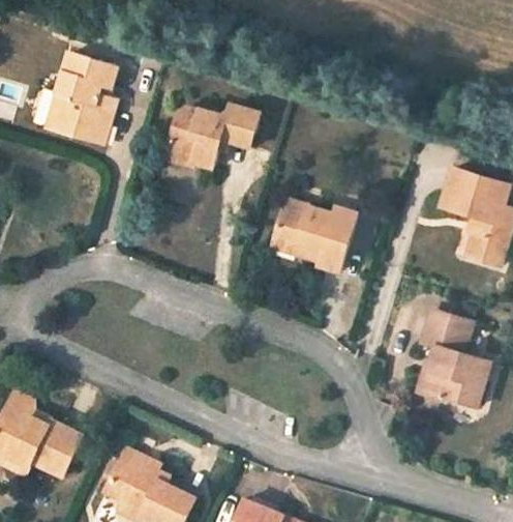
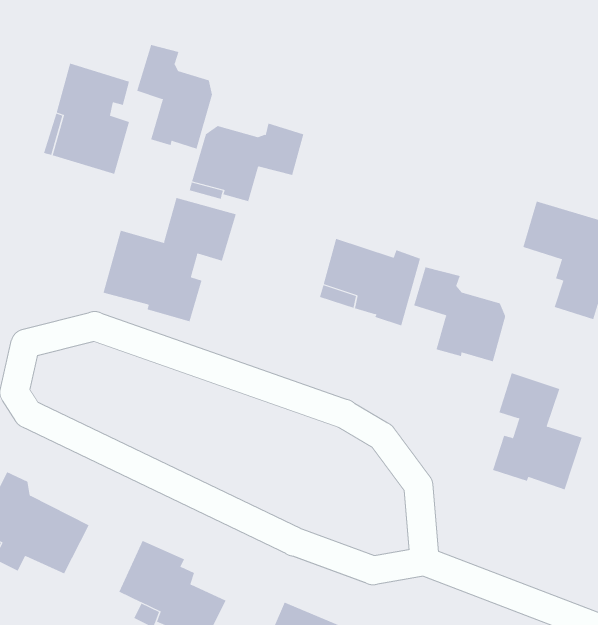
building: none -> [137,44,213,149]
building: none -> [103,197,237,322]
building: none -> [414,266,506,362]

